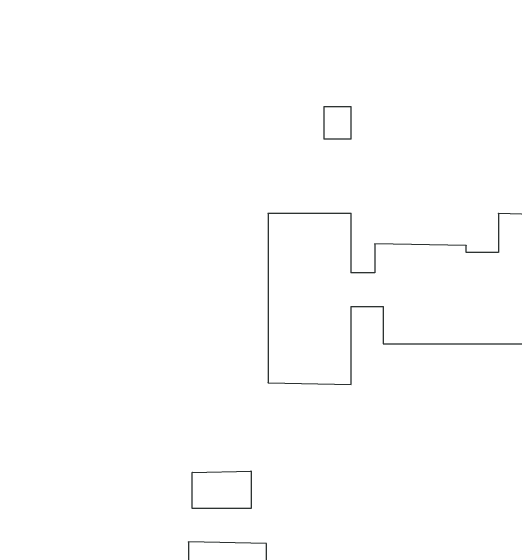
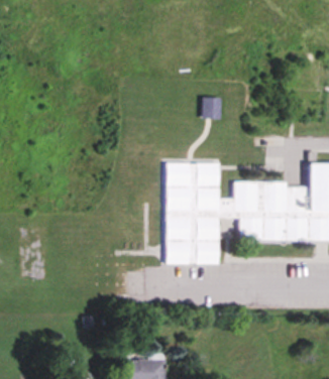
building: [192,471,251,508] -> none

